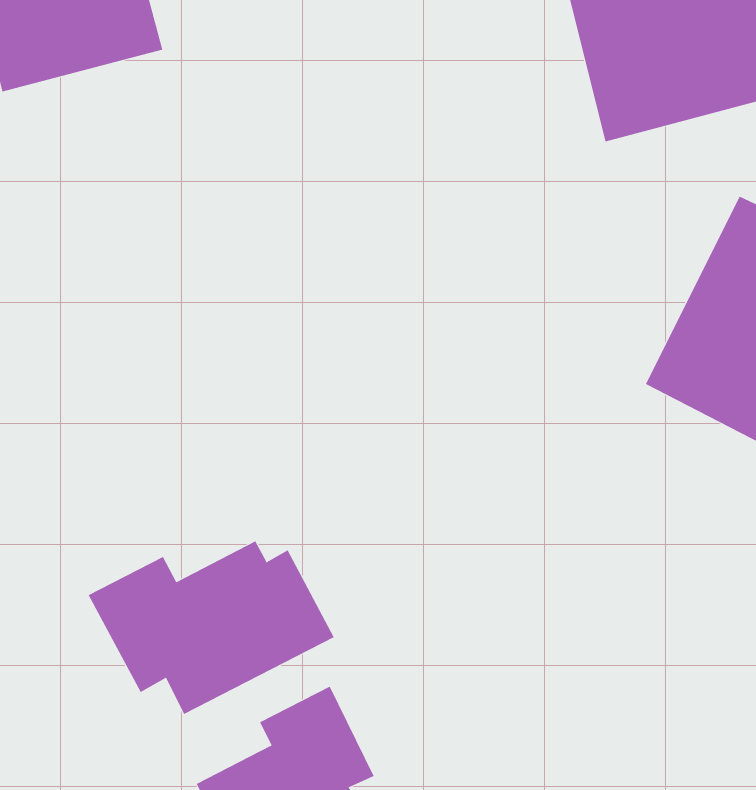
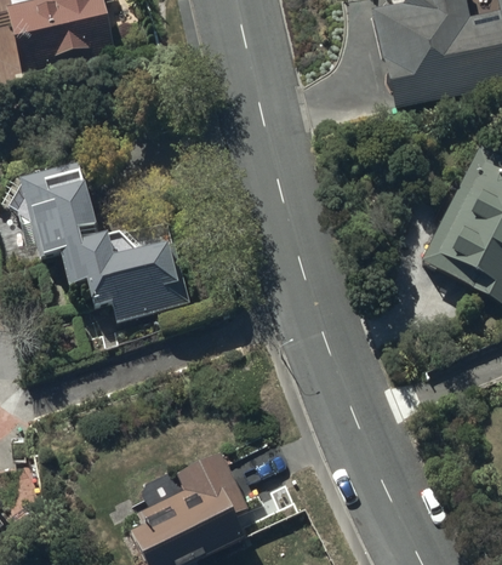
building: none -> [19,165,190,320]
building: [88,541,334,715] -> none

